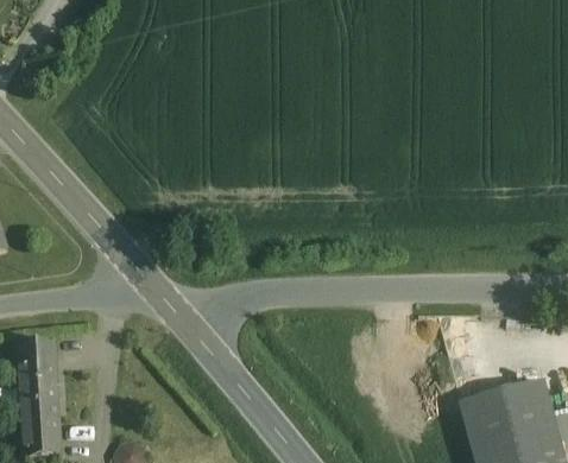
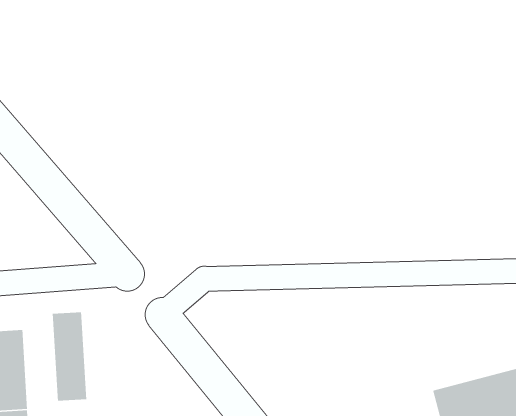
building: none -> [52,312,87,402]

